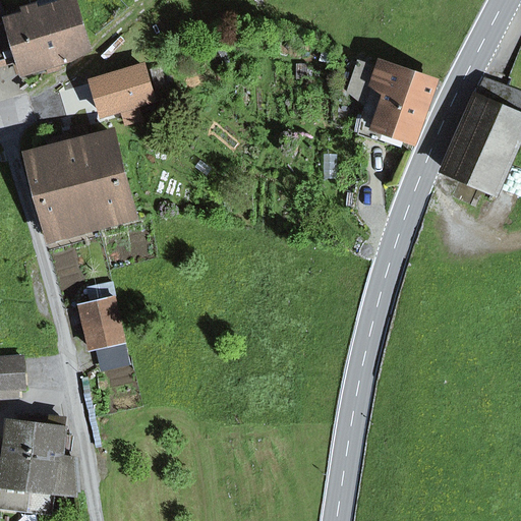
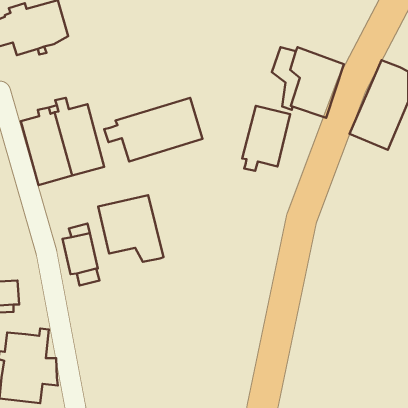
building: [96,65,153,122] -> none
building: none -> [104,98,203,162]
building: none -> [242,106,290,171]
building: none -> [98,195,164,262]

